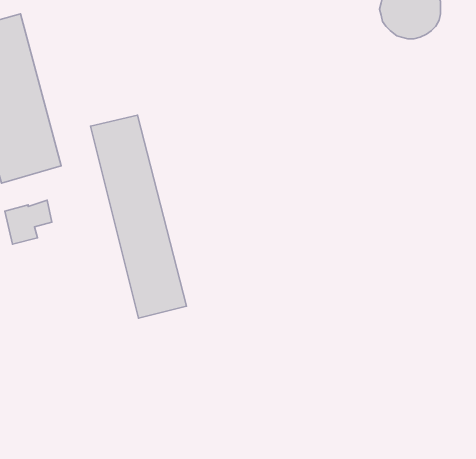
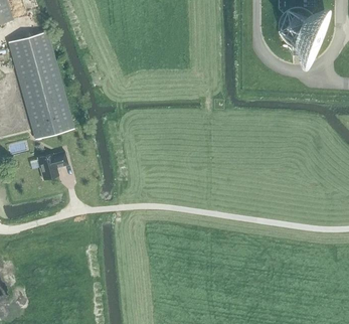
building: [91,115,187,318] -> none

